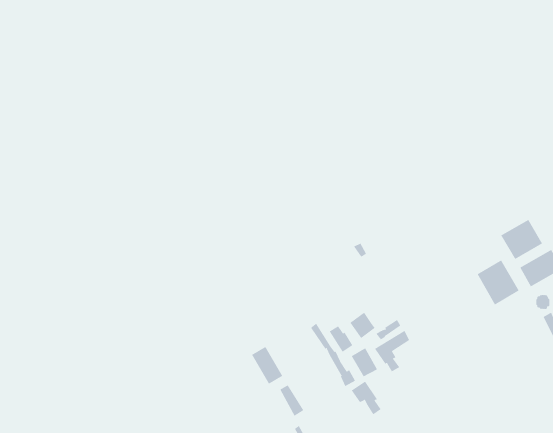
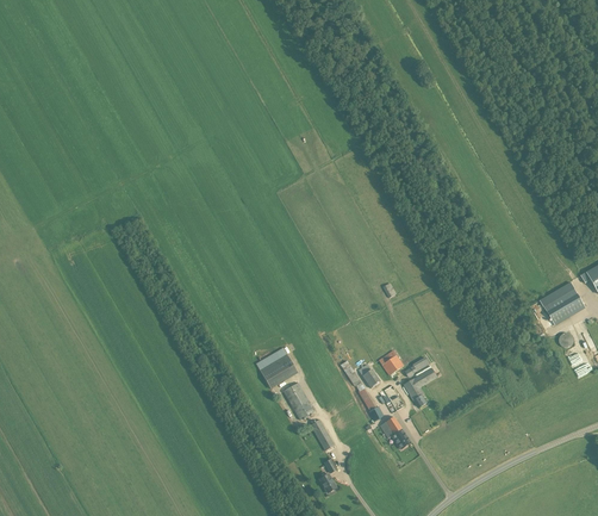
building: [501,219,543,260] -> none
building: [477,259,520,305] -> none
building: none -> [256,346,298,387]

